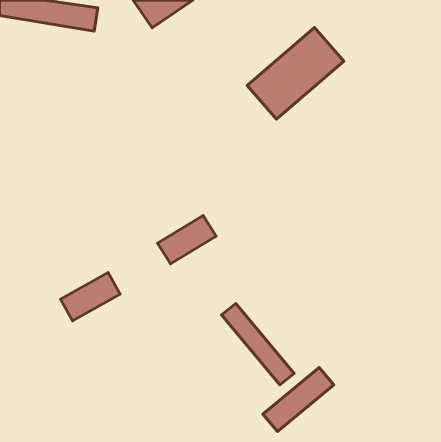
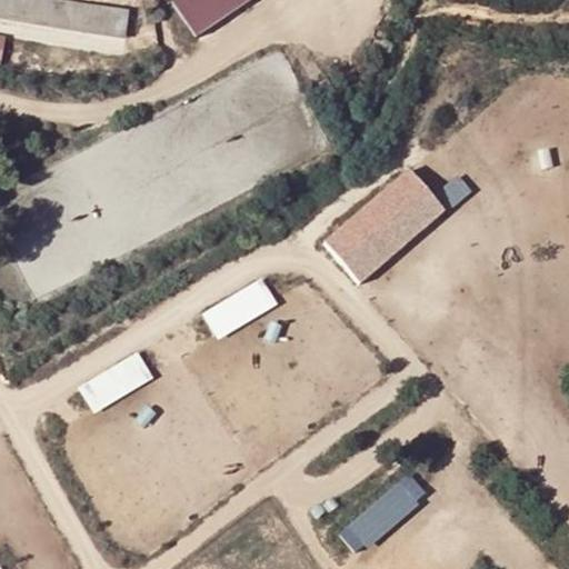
building: [247,27,344,119] -> [322,167,447,284]
building: [222,303,294,385] -> none

